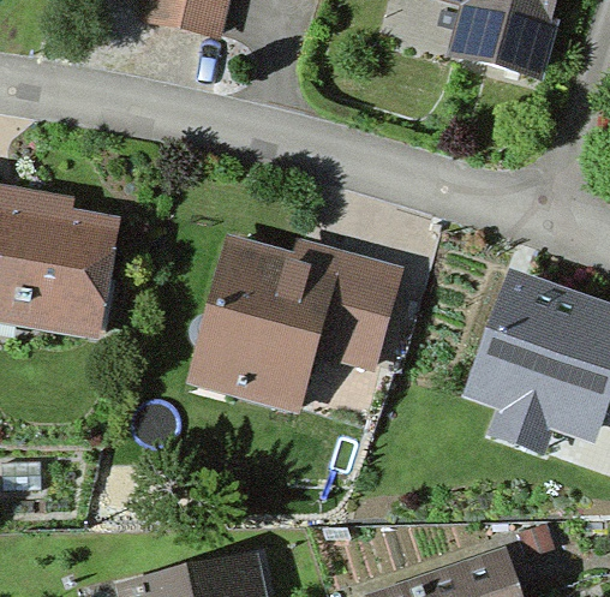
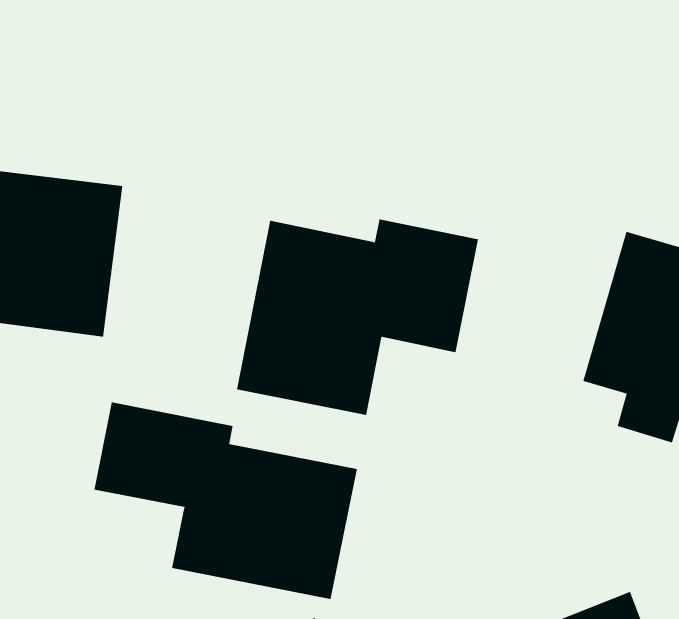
building: none -> [94,402,357,600]

